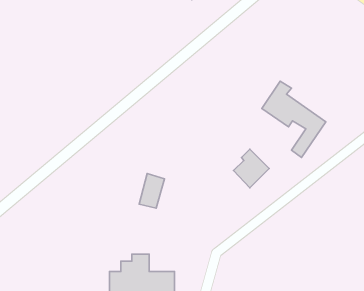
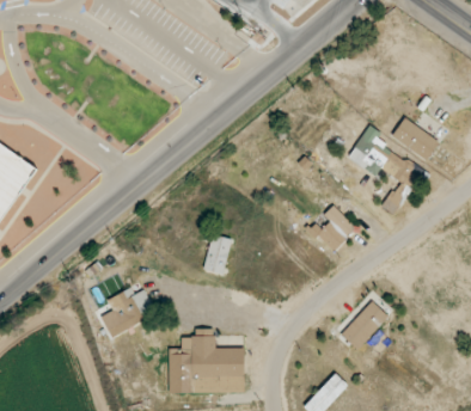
building: none -> [391,118,439,161]
building: none -> [103,288,154,338]
building: none -> [340,301,387,350]

